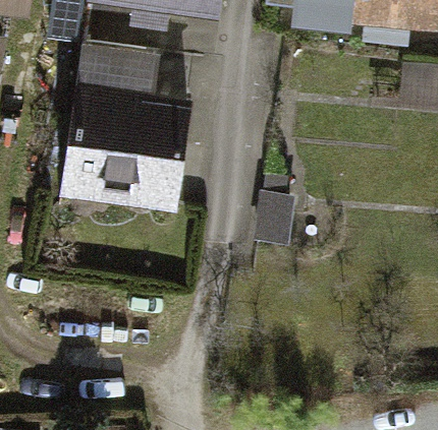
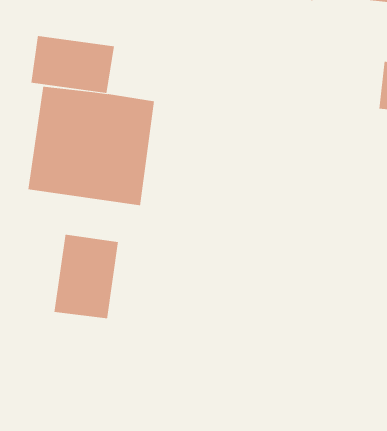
building: none -> [54,234,119,319]

